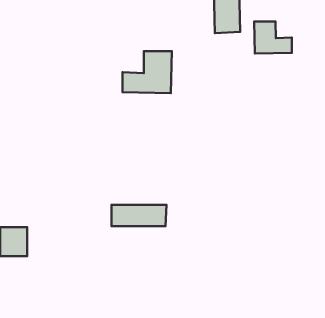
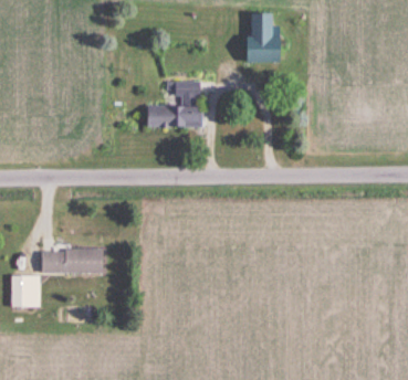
building: [254,21,292,54] -> none
building: [111,205,167,226] -> [42,250,103,273]

